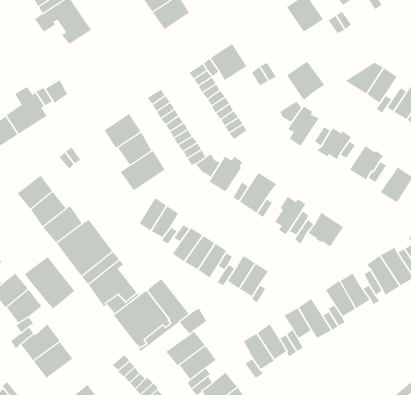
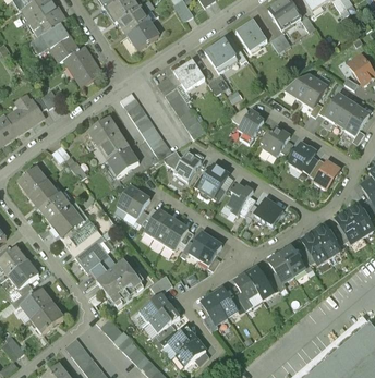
building: none -> [63,46,101,86]
building: [286,61,325,101] -> [206,40,238,73]
building: [24,256,75,309] -> none

